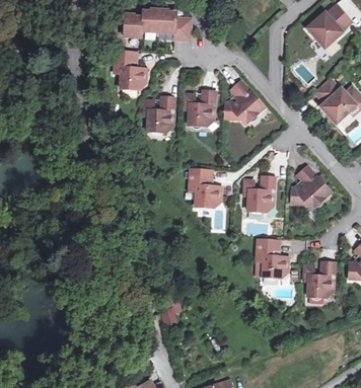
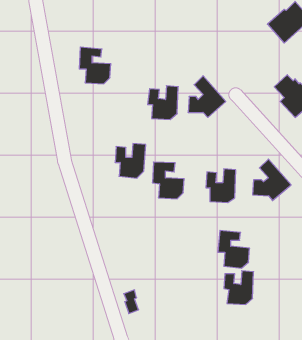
building: [124,8,190,38] -> none
building: [143,96,174,132] -> [115,144,146,178]
building: [303,261,334,296] -> [224,271,254,304]

